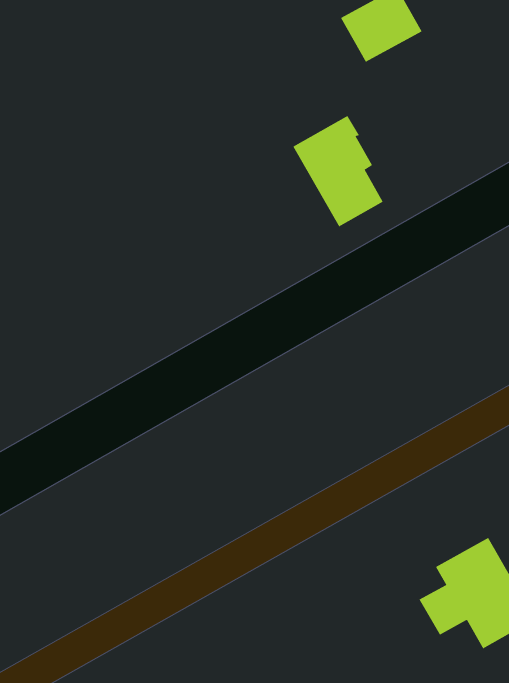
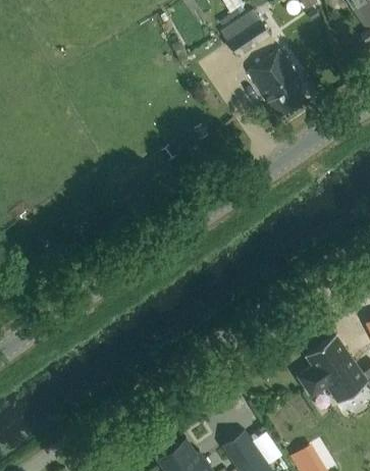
building: [292,115,383,227] -> [249,50,306,117]

